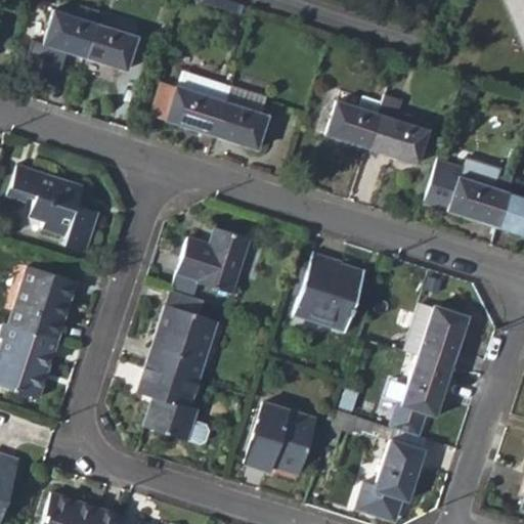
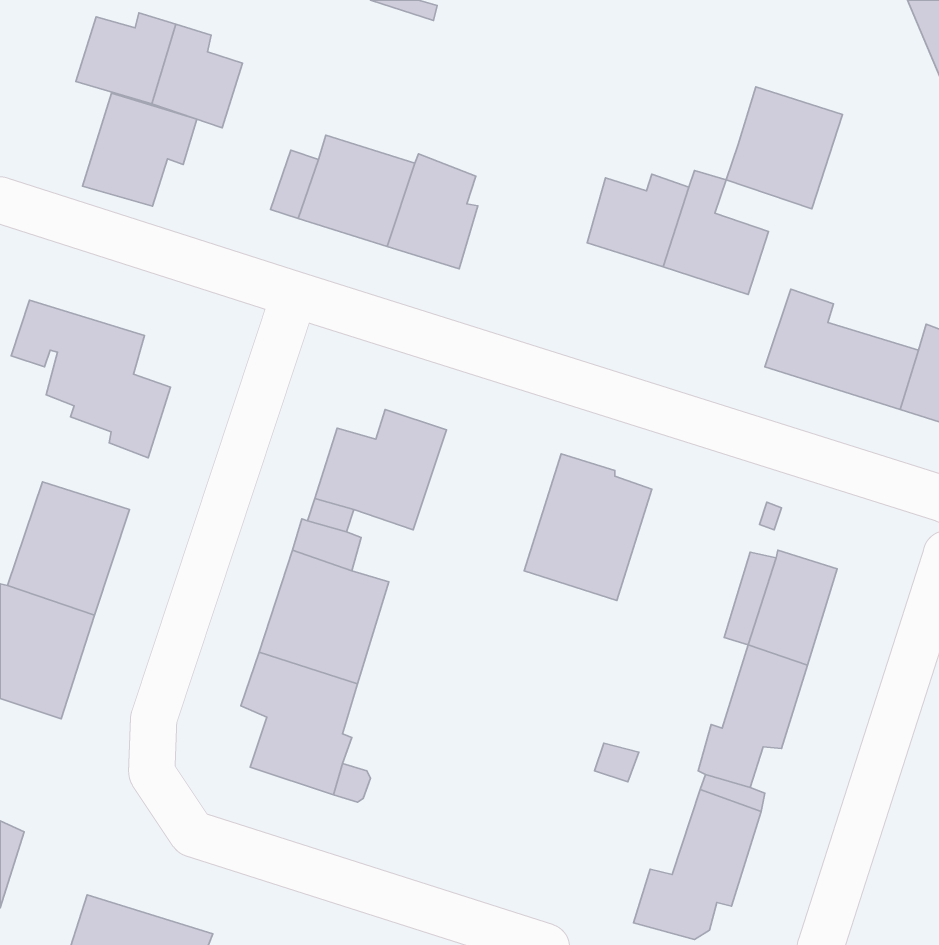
building: none -> [726,87,843,209]
building: none -> [83,93,197,206]
building: [246,404,316,475] -> none

